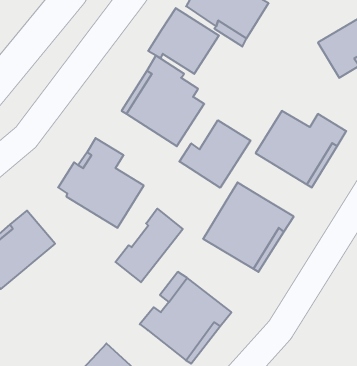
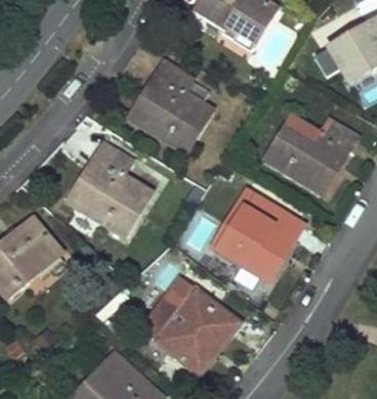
building: [148,8,219,74] -> none
building: [179,120,250,188] -> none
building: [115,209,183,282] -> none

